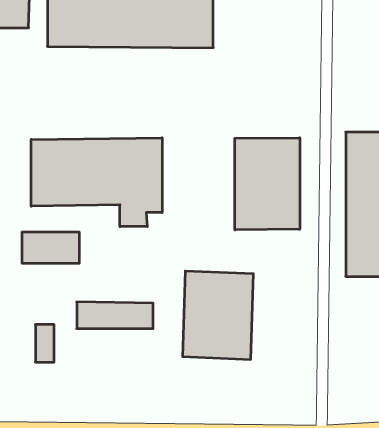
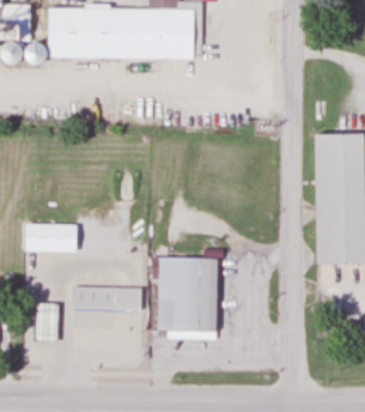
building: [235,138,300,230] -> none
building: [31,138,162,227] -> none

